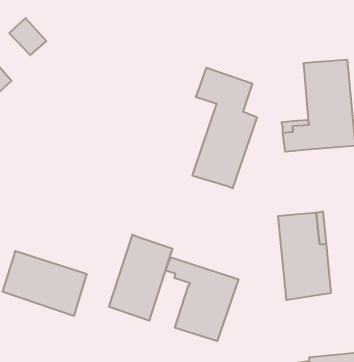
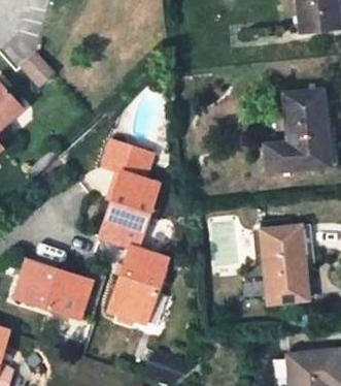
building: [192,68,257,188] -> [100,140,158,248]
building: [166,257,238,341] -> none

